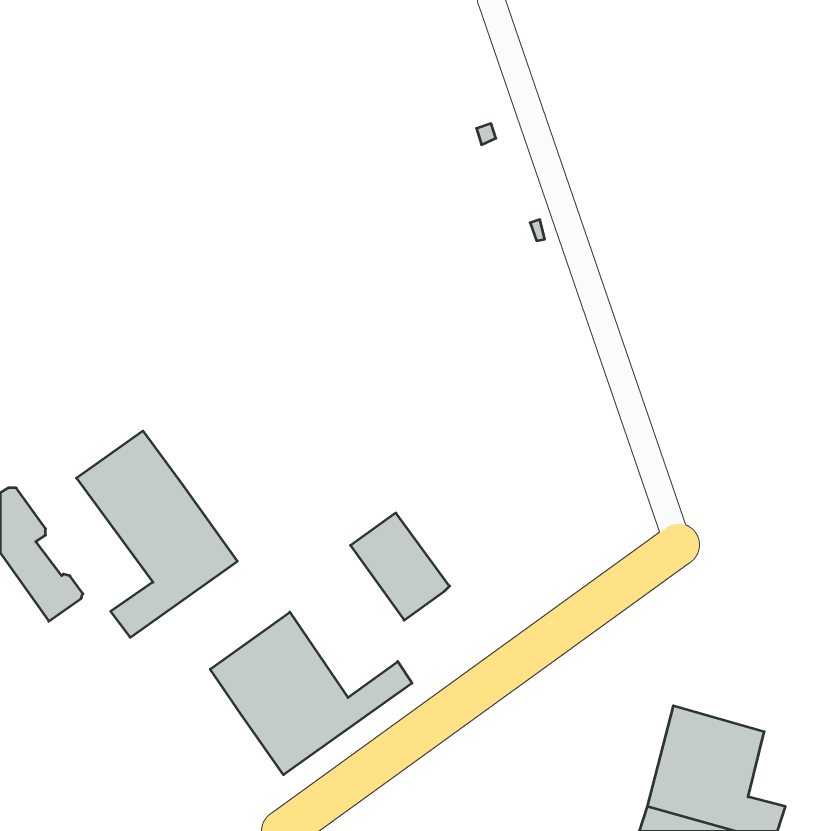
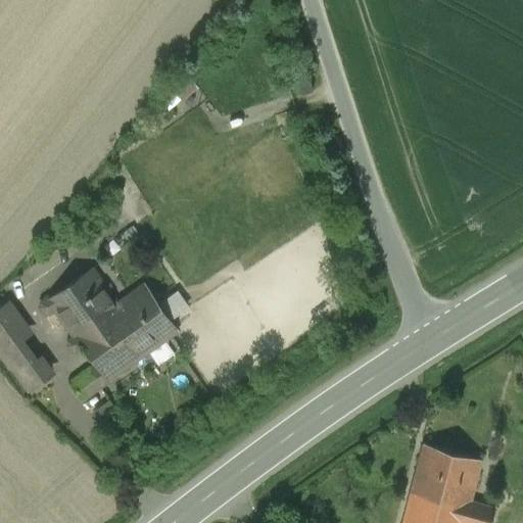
building: [350,513,450,620] -> [115,285,178,352]
building: [210,612,412,775] -> none

